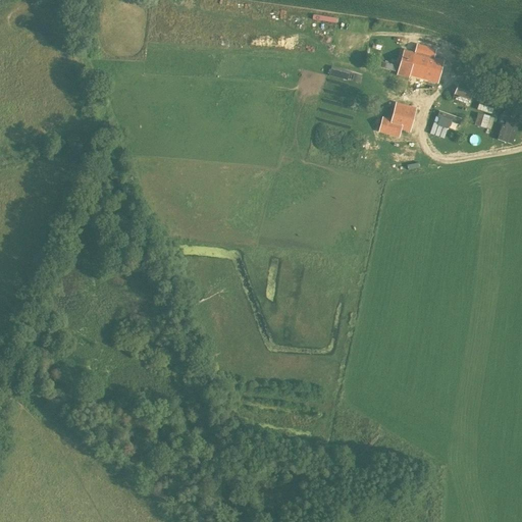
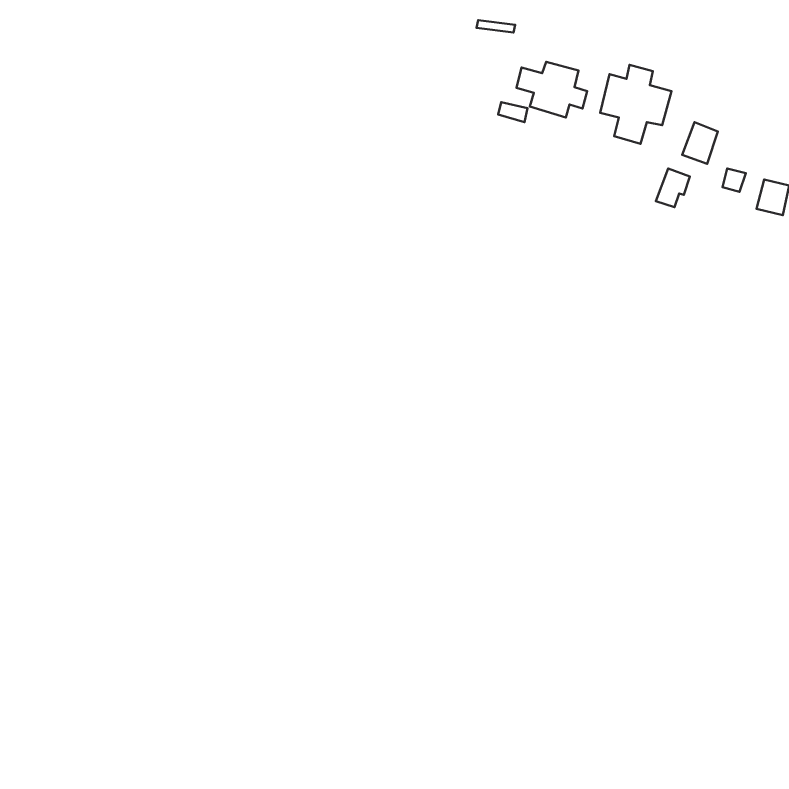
building: none -> [517,62,587,117]
building: [388,102,415,130] -> none

